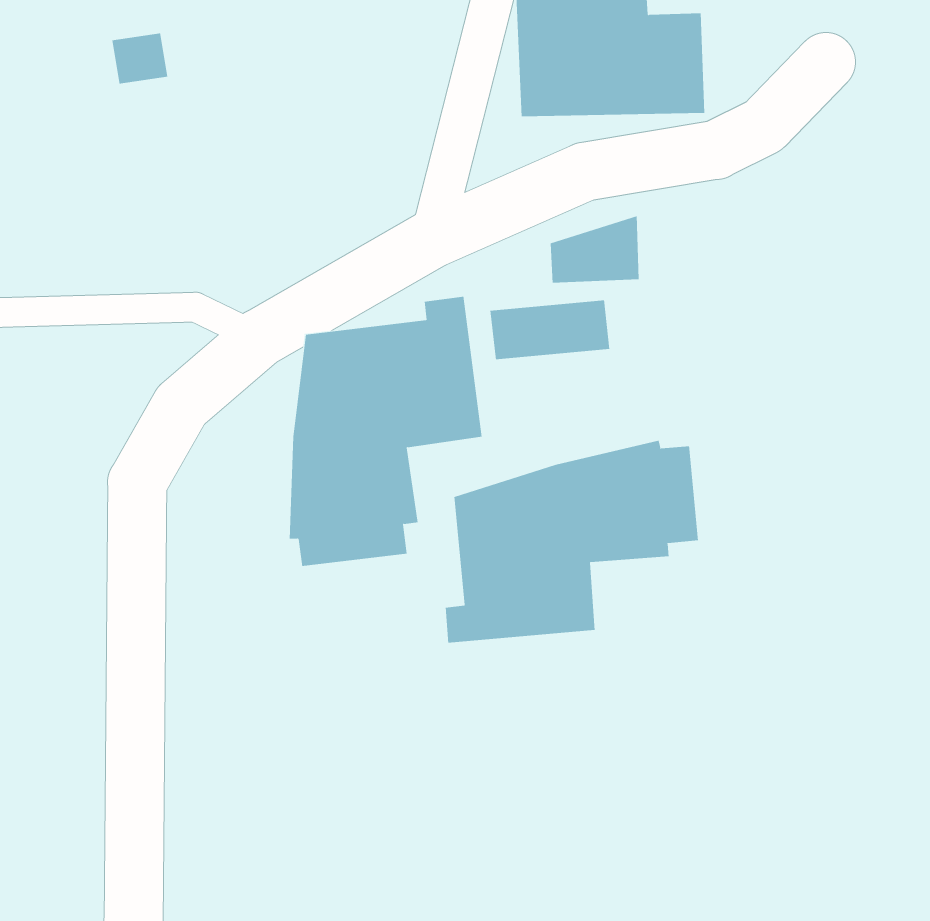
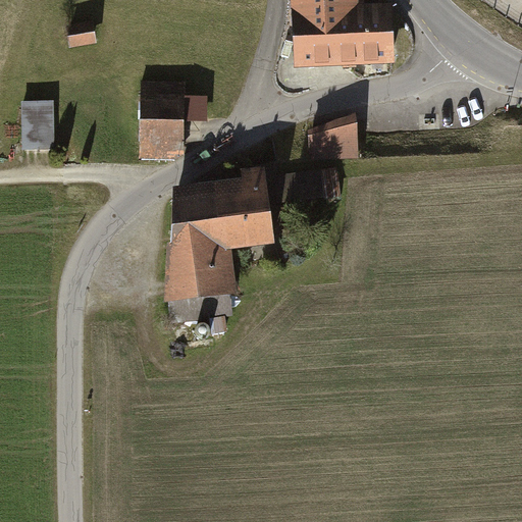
building: none -> [141,77,205,158]
building: none -> [22,100,56,149]
building: [445,440,699,643] -> none

